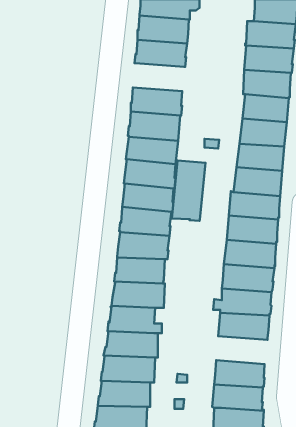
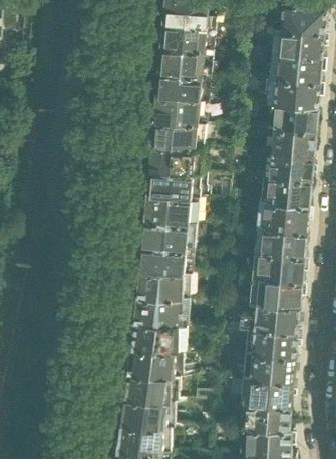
building: none -> [155,69,209,98]
building: [172,161,205,221] -> none
building: none -> [242,351,295,380]

